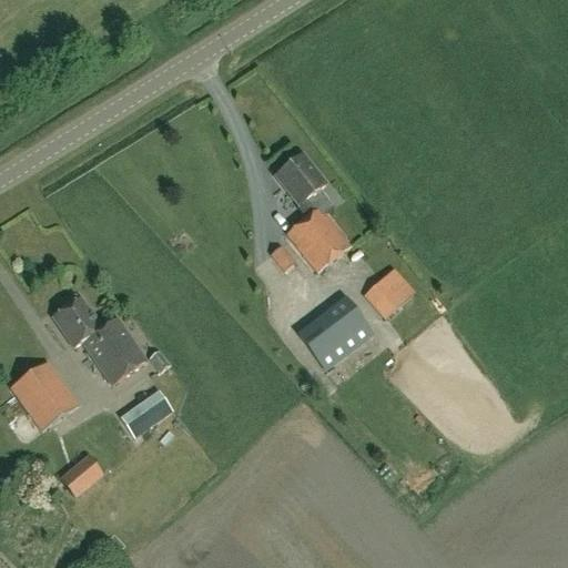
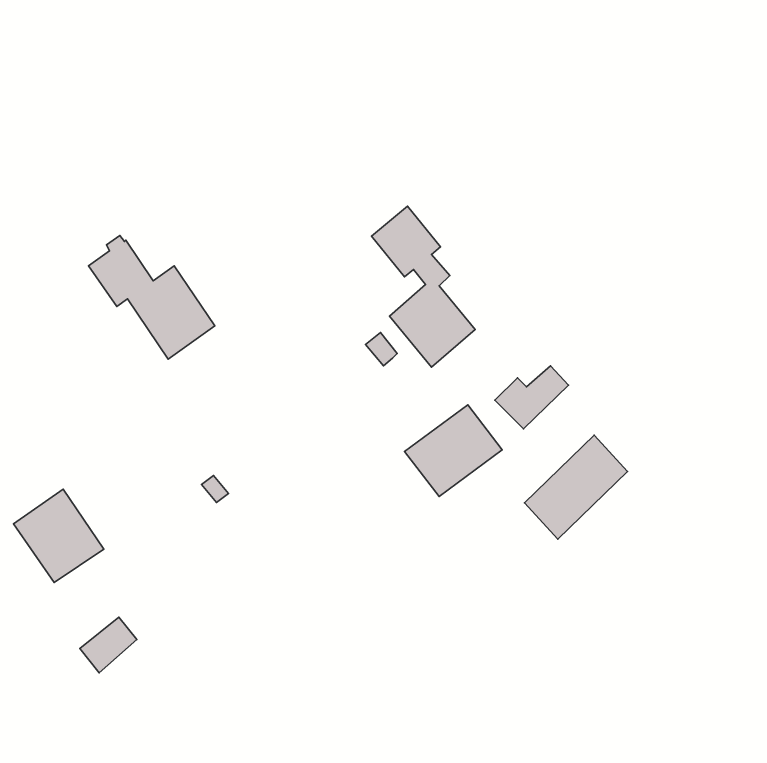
building: [52,294,145,385] -> [88,236,215,359]
building: none -> [524,435,628,539]
building: [119,389,172,437] -> none

